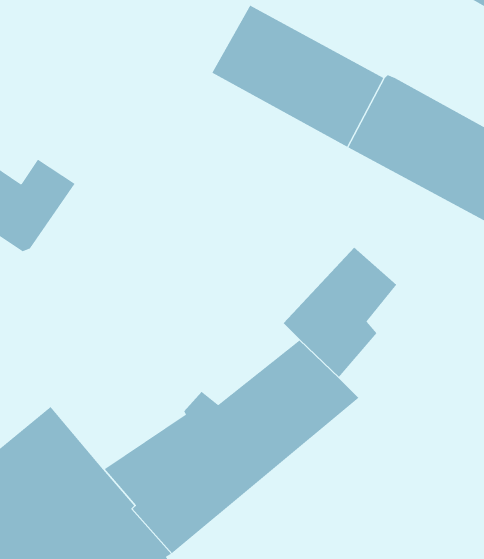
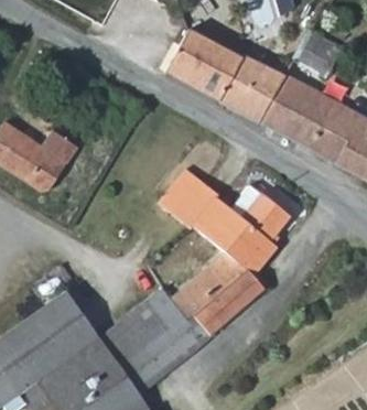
building: none -> [298,32,341,75]
building: none -> [161,157,262,239]

